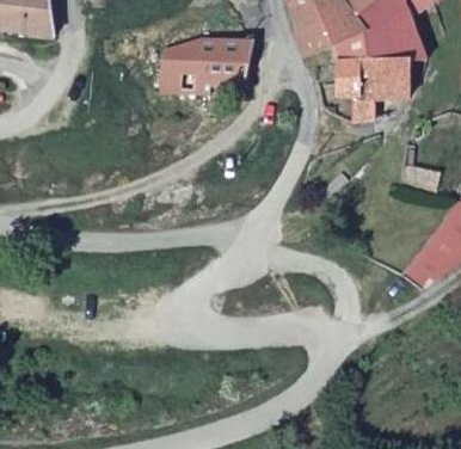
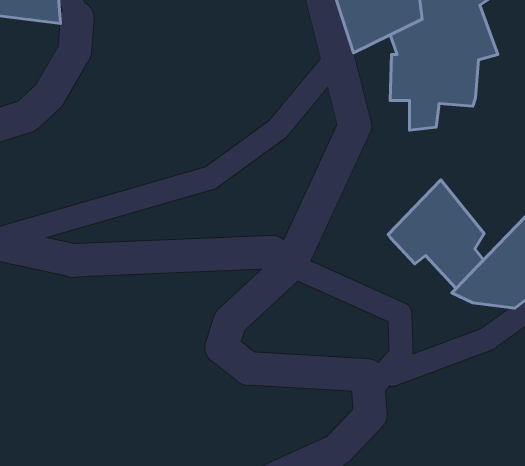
building: [164,37,248,92] -> none
building: none -> [388,180,484,288]

